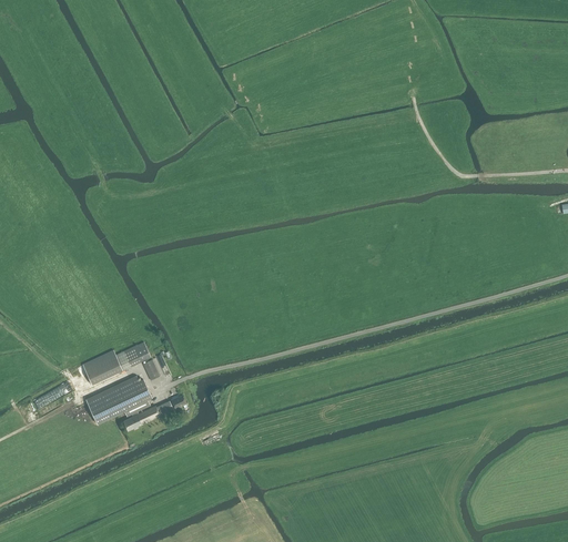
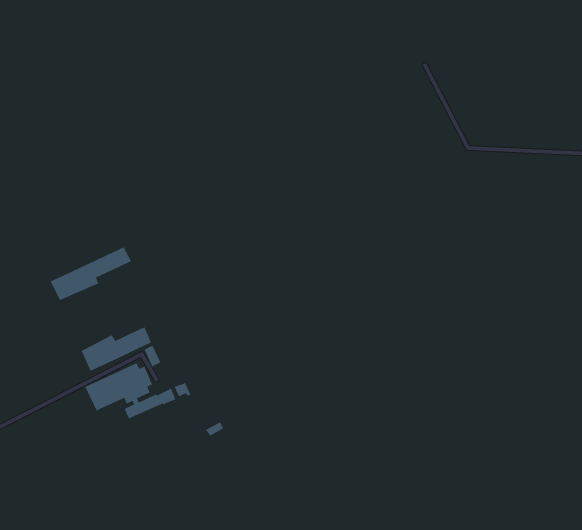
building: none -> [50,246,132,301]

